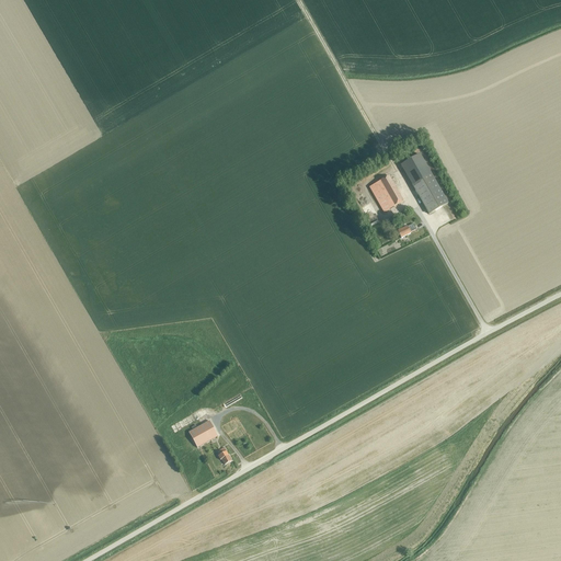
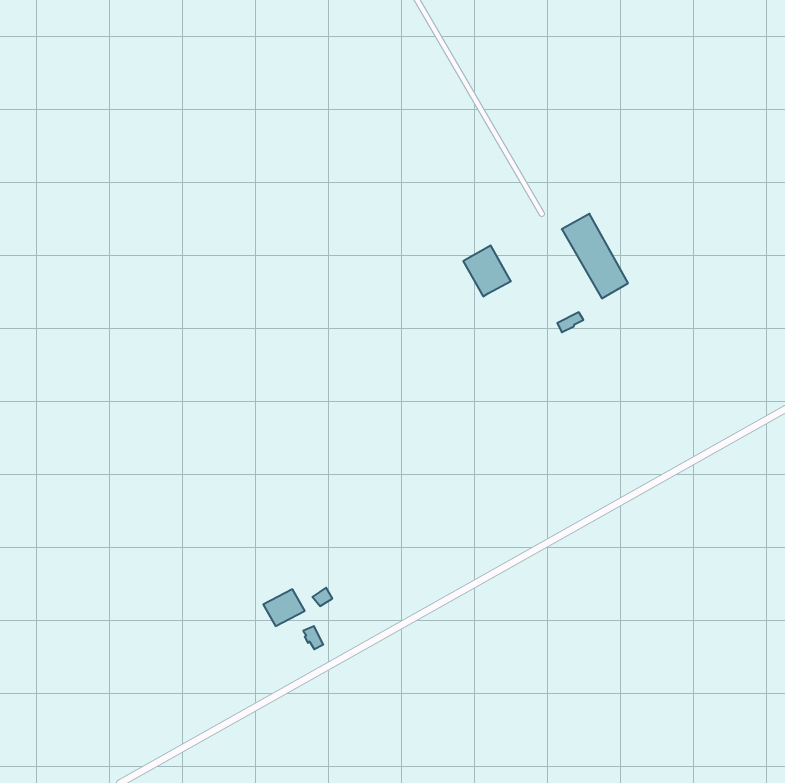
building: [368,174,402,210] -> [463,246,511,296]

